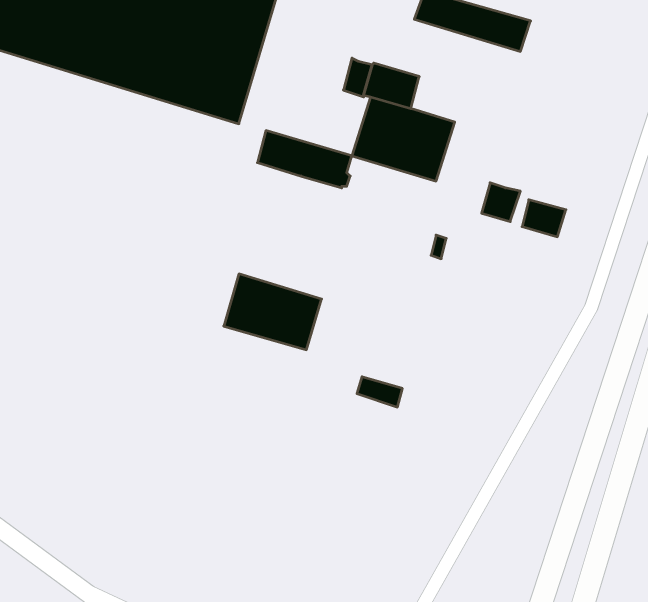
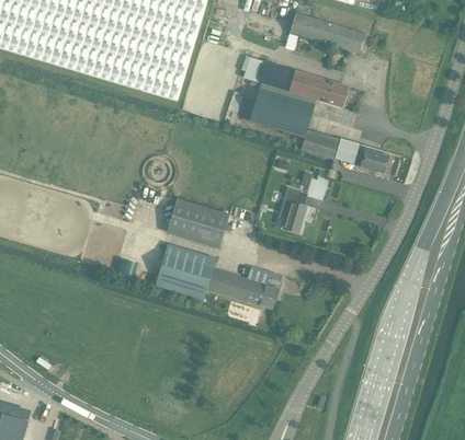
building: [257,131,352,188] -> [287,69,349,106]
building: none -> [302,129,339,159]
building: none -> [280,188,306,233]
building: none -> [156,244,277,309]

